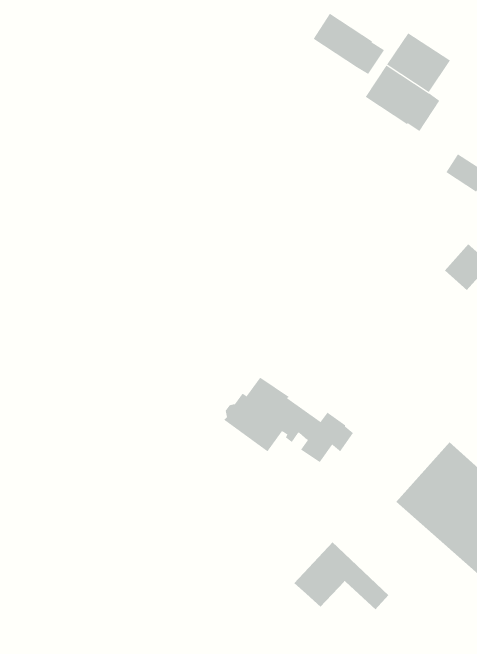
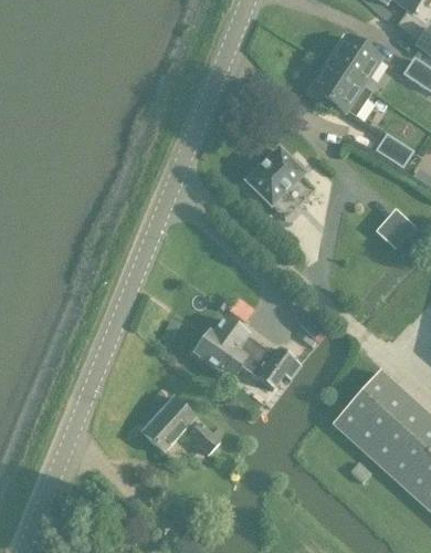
building: [313,13,385,75] -> none
building: none -> [243,147,315,218]
building: [294,541,389,610] -> [140,396,219,452]

